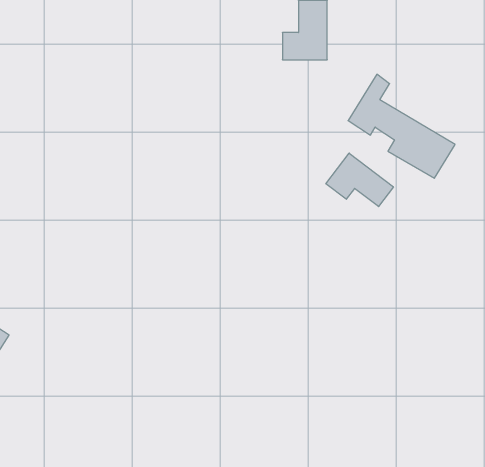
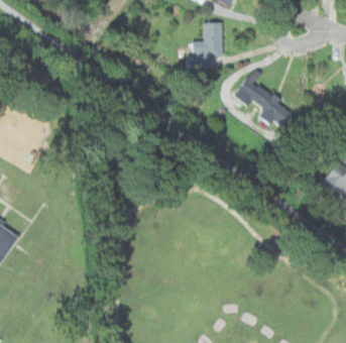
building: [326,153,393,207] -> none

